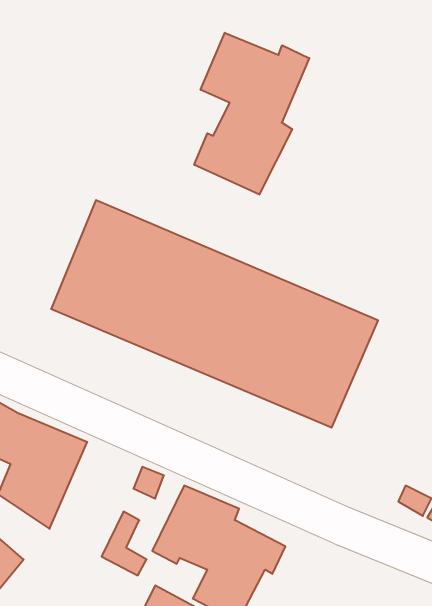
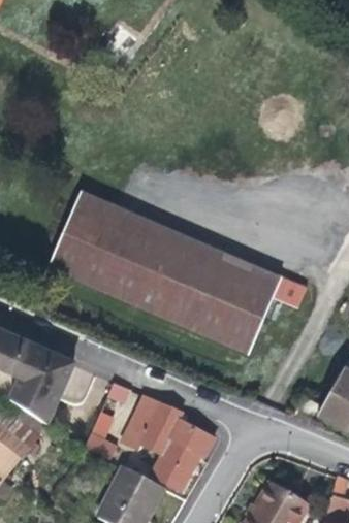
building: [194,33,309,195] -> none

